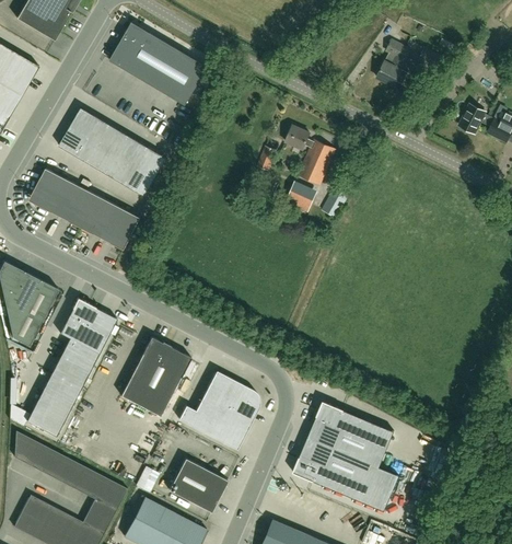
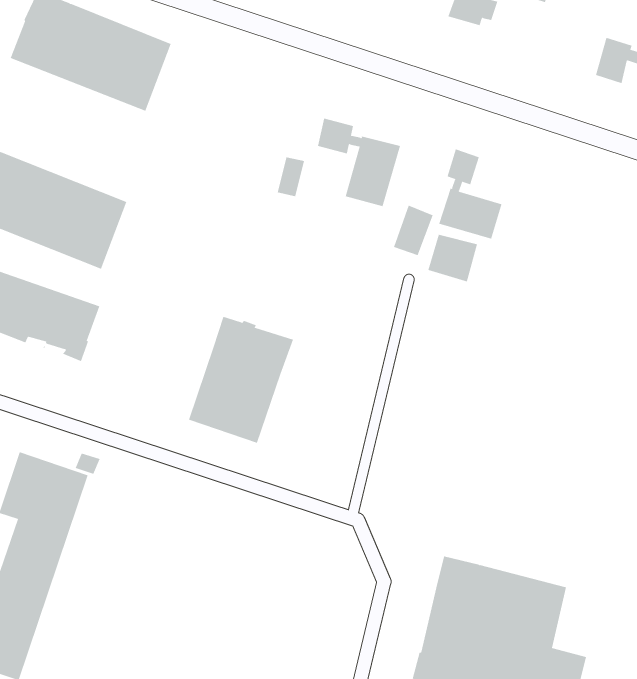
building: none -> [438,148,502,239]
building: [286,182,318,213] -> [427,234,478,282]
building: [120,337,191,417] -> [188,316,294,444]
building: [178,371,259,450] -> none

